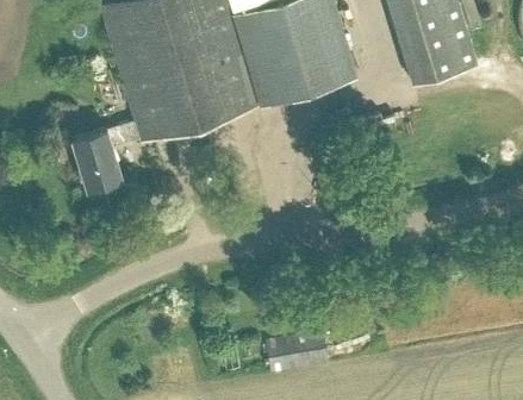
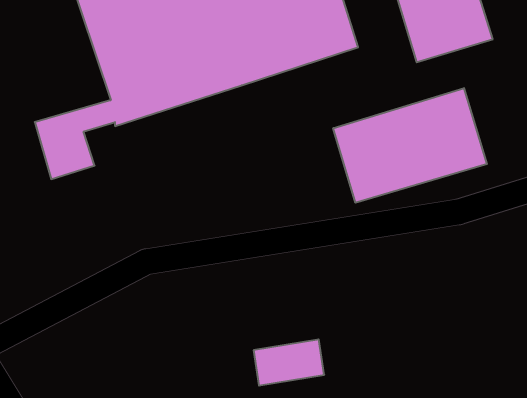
building: none -> [333,88,487,203]

